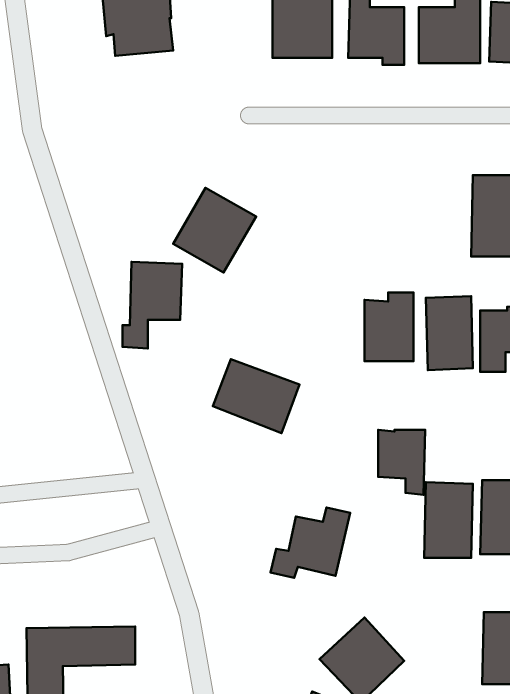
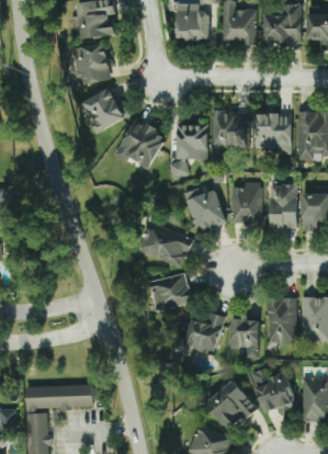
building: none -> [72,42,111,86]
building: none -> [82,88,125,132]
building: none -> [212,111,249,158]
building: none -> [253,114,292,154]
building: [122,262,182,349] -> [171,124,207,177]
building: none -> [183,189,225,231]
building: [378,430,425,495] -> [230,318,259,357]
building: none -> [148,273,191,311]
building: none -> [250,367,297,412]

